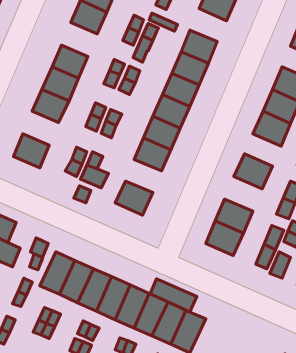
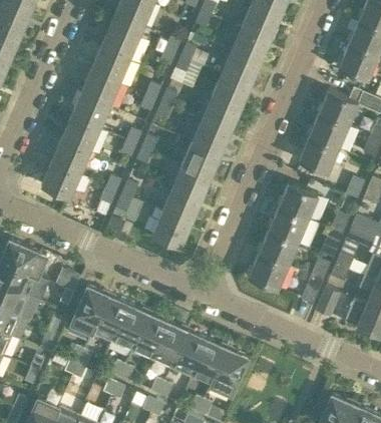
building: none -> [231,28,270,63]
building: none -> [94,43,132,79]
building: none -> [53,137,91,173]
building: none -> [162,188,201,224]
building: none -> [268,206,308,244]
building: [150,279,197,312] -> none

